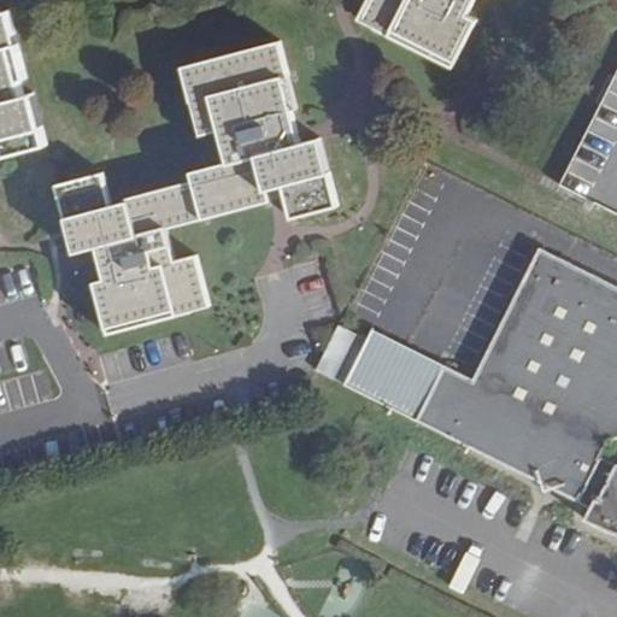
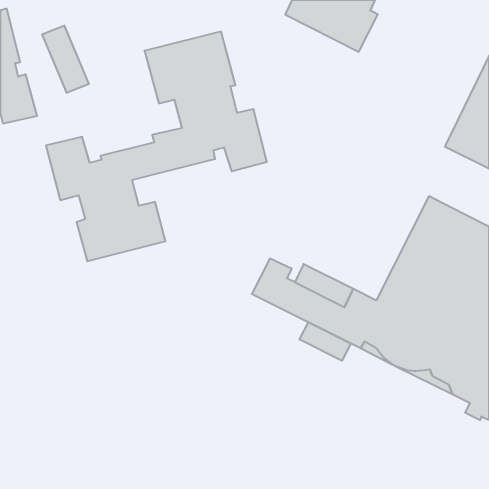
building: none -> [42,25,89,93]
building: none -> [300,322,351,361]

